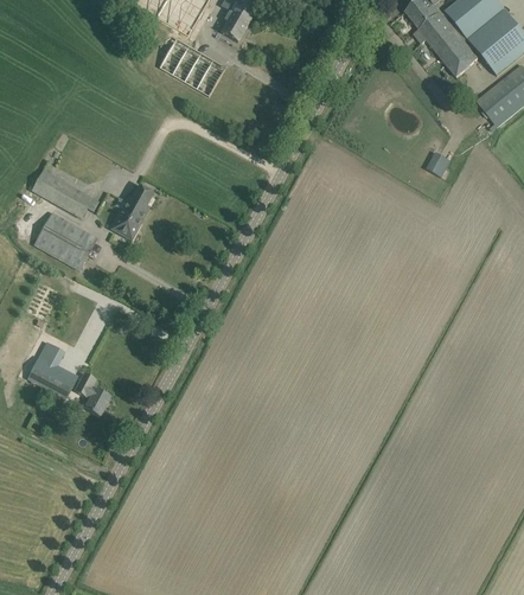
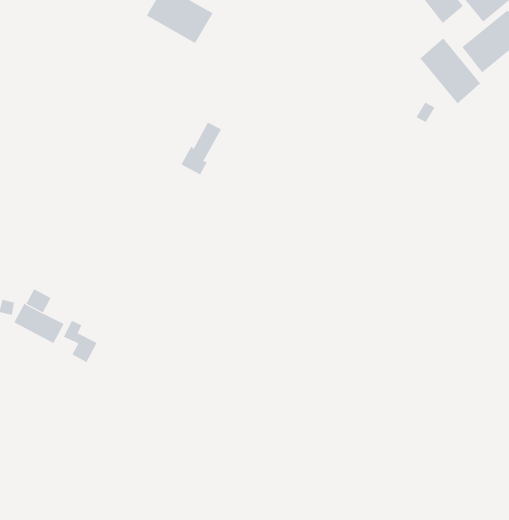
building: none -> [420,37,481,104]
building: [31,167,97,216] -> none
building: [110,184,152,237] -> [180,122,222,175]
building: [32,211,96,269] -> none

